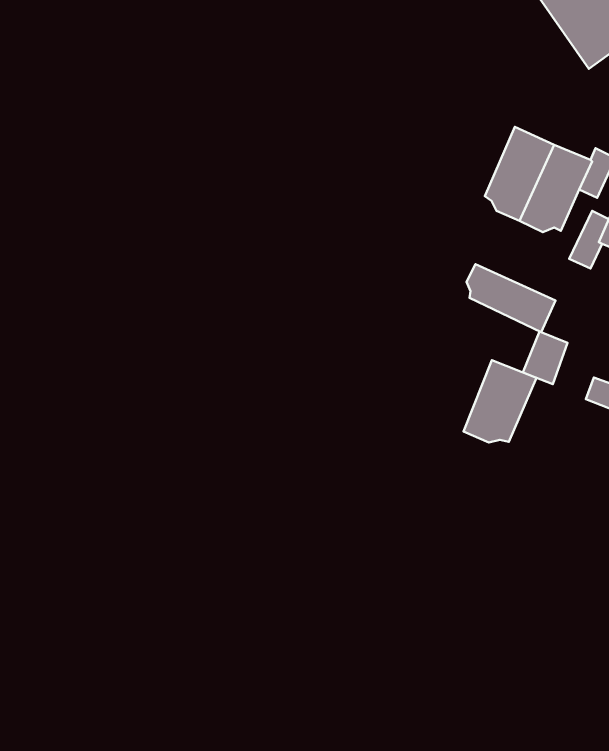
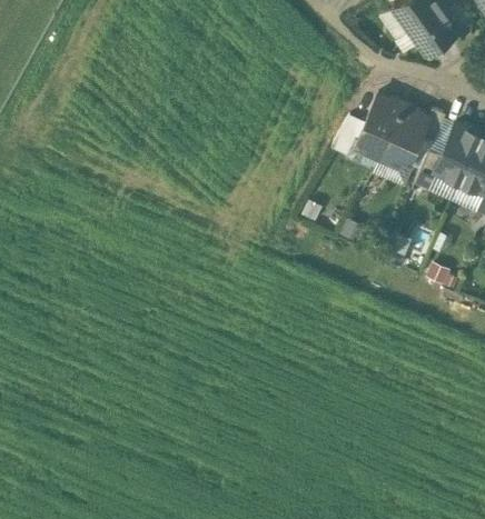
building: [467,264,556,332] -> none
building: [463,360,536,442] -> none

